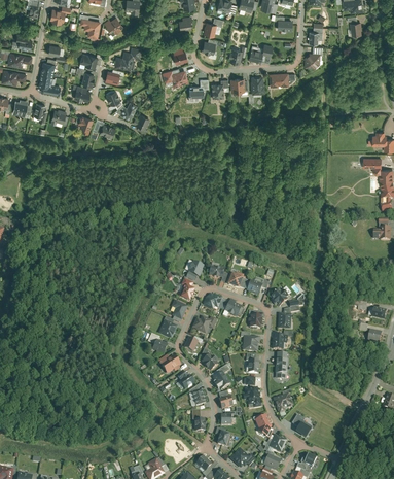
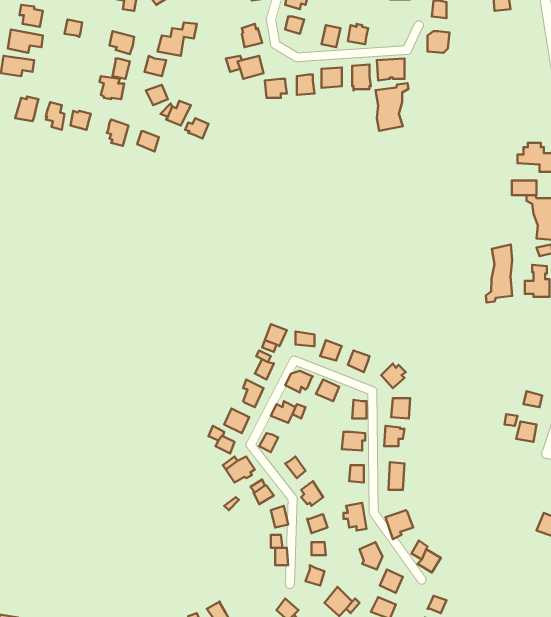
building: [38,63,60,95] -> none
building: none -> [375,83,409,131]
building: none -> [486,244,512,303]

